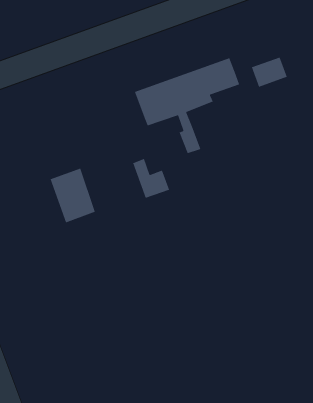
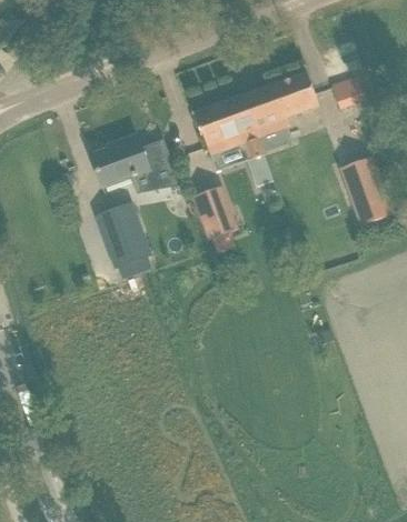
building: none -> [91,133,180,188]
building: none -> [340,157,390,224]

